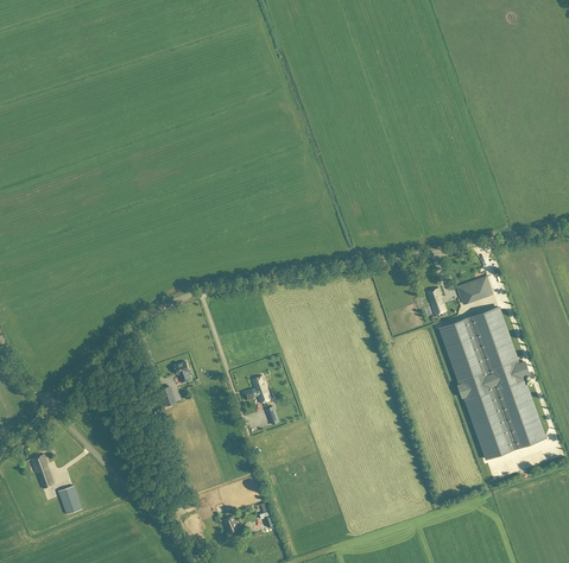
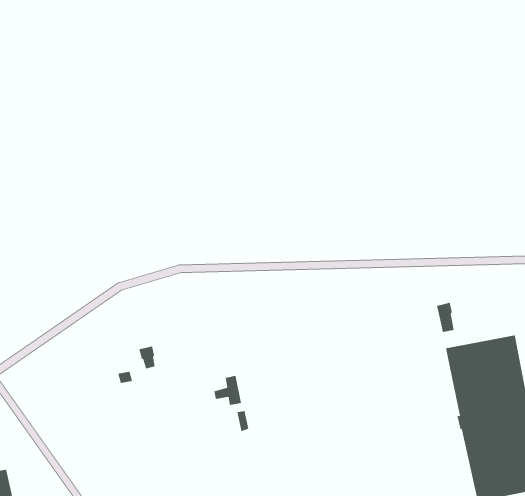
building: [457,277,492,304] -> none

